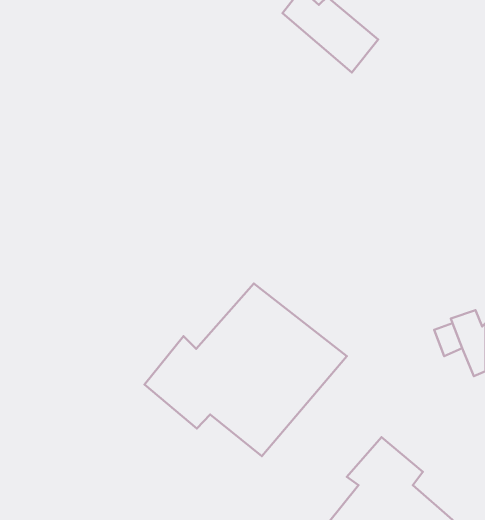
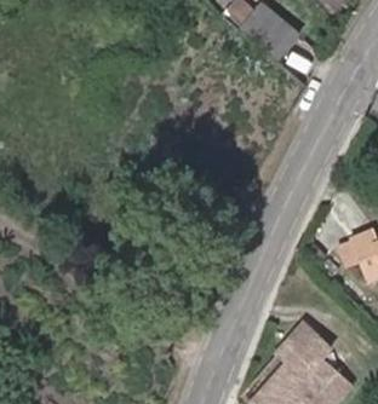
building: [145,283,347,456] -> none

